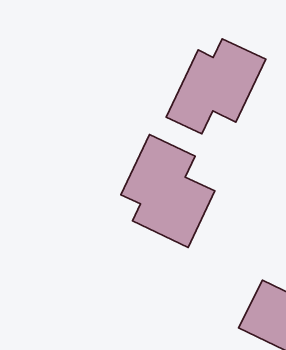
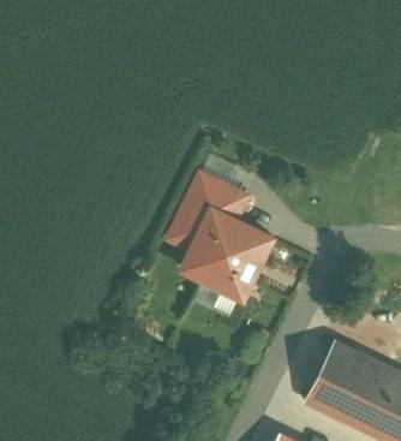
building: [166,39,266,134] -> none

